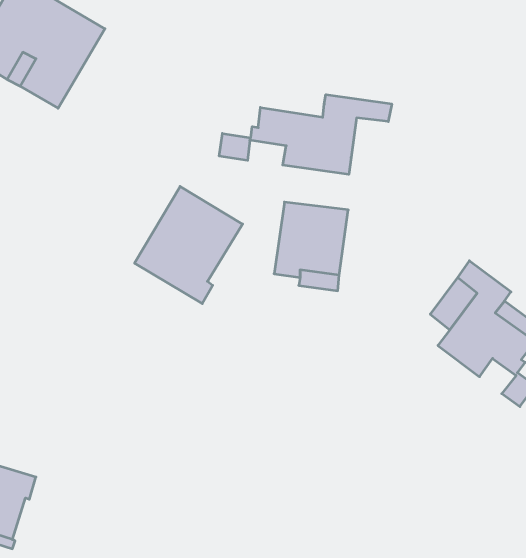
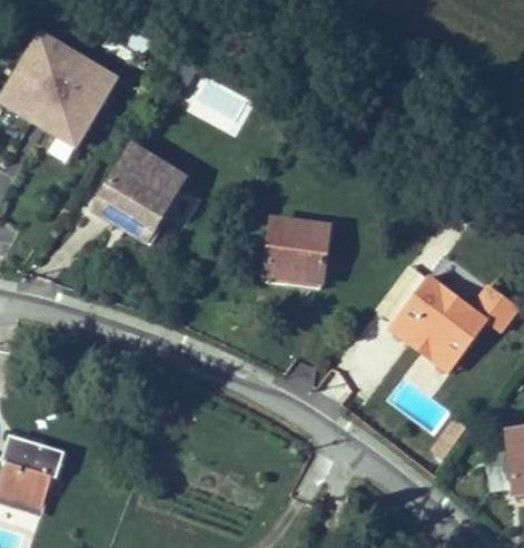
building: [219,95,392,174] -> none
building: [135,186,243,304] -> [92,144,185,244]

